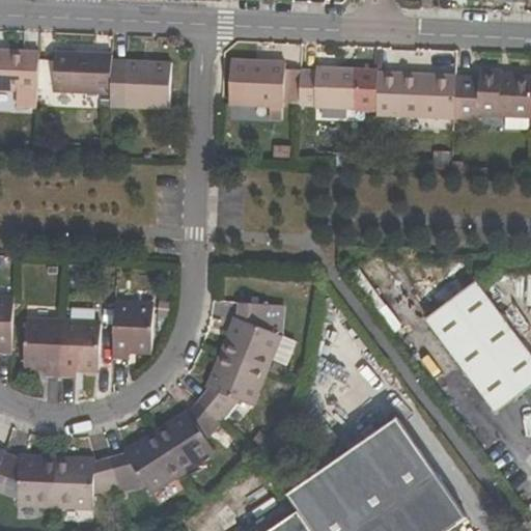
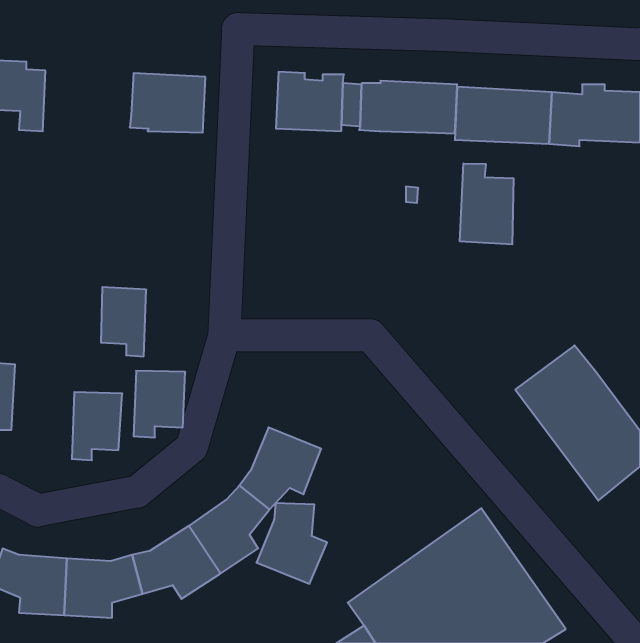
building: [51,52,110,94] -> none
building: none -> [460,163,514,244]
building: [221,303,279,369] -> [256,503,327,584]
building: [24,320,61,378] -> [101,287,146,356]

